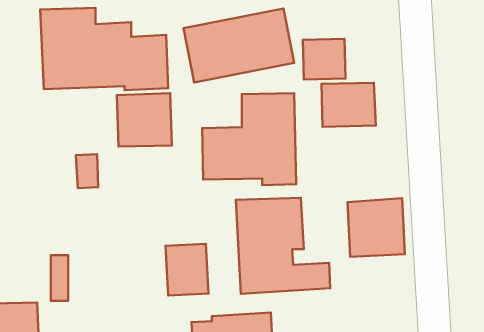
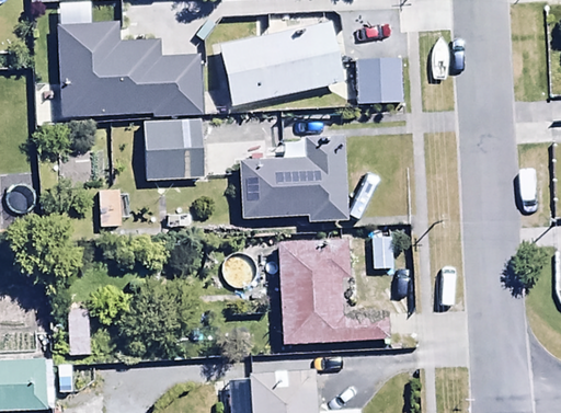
building: [321,83,376,127] -> none
building: [347,198,405,257] -> none
building: [166,244,208,295] -> none

